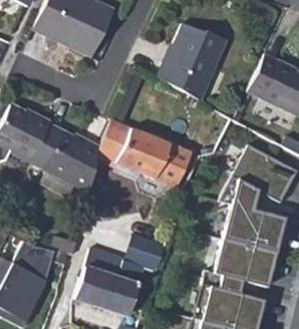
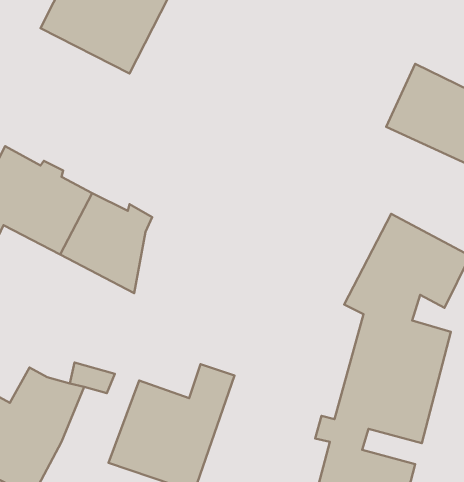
building: [154,23,227,99] -> none
building: [97,120,192,188] -> none

